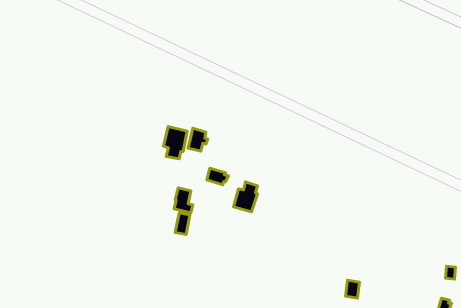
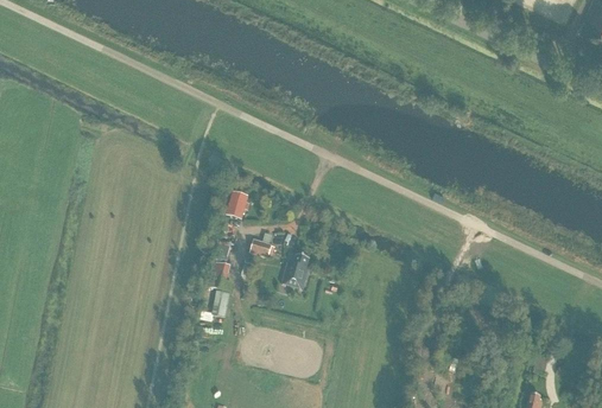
building: [163,127,187,159] -> none

